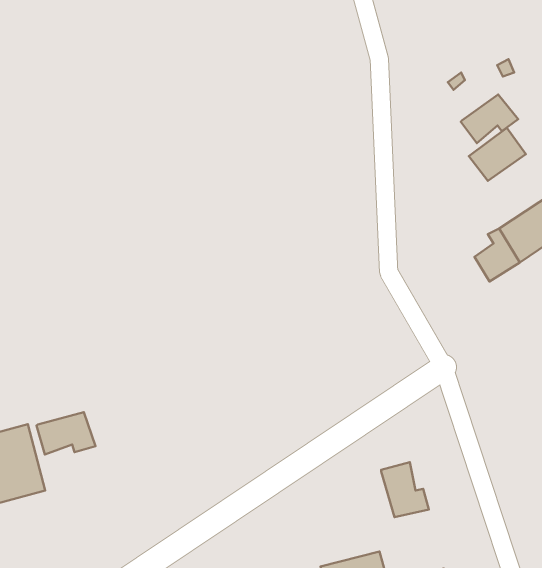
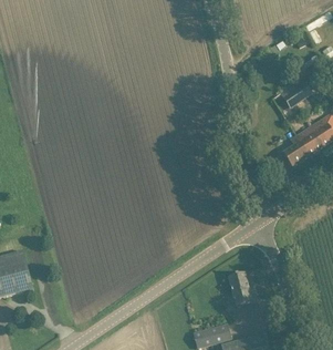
building: [461,95,518,143] -> none
building: [36,412,95,455] -> none

